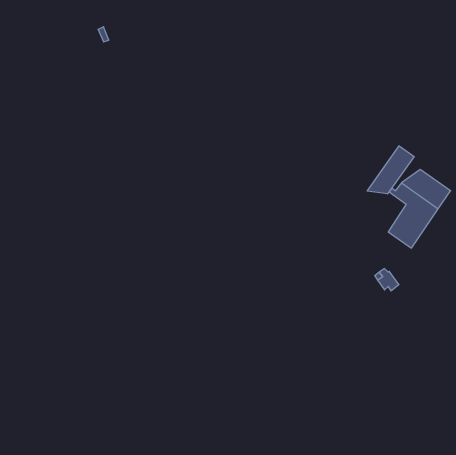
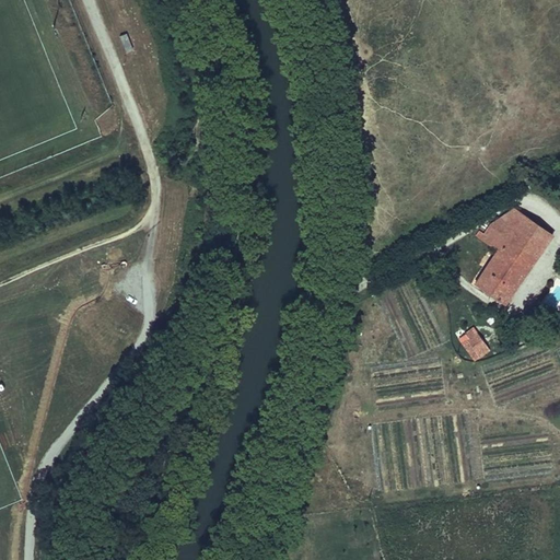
building: [367,146,414,194] -> none

